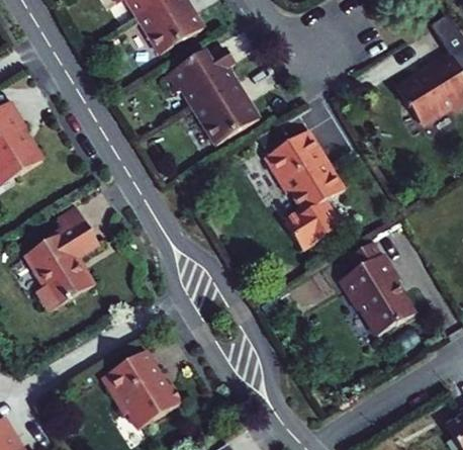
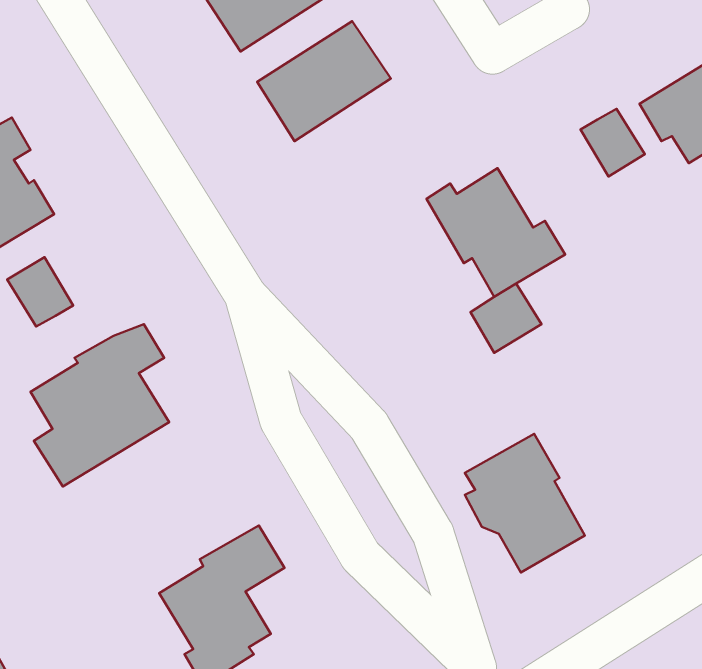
building: [183,75,263,147] -> none
building: none -> [580,109,645,176]
building: none -> [7,257,73,326]
building: [338,250,409,333] -> [465,434,585,573]

